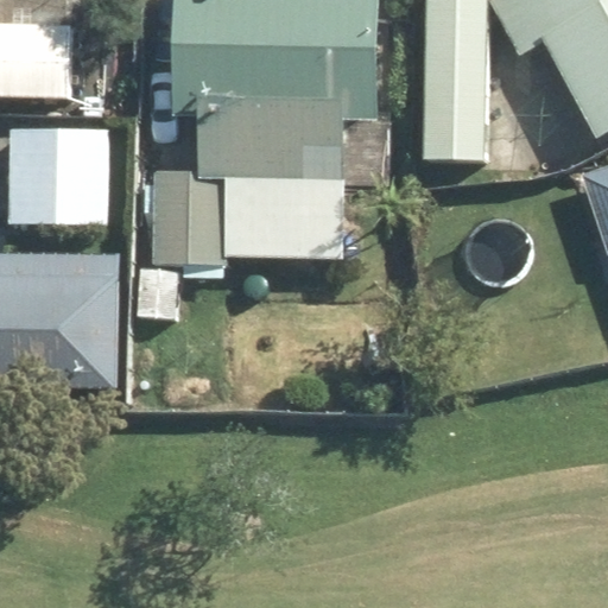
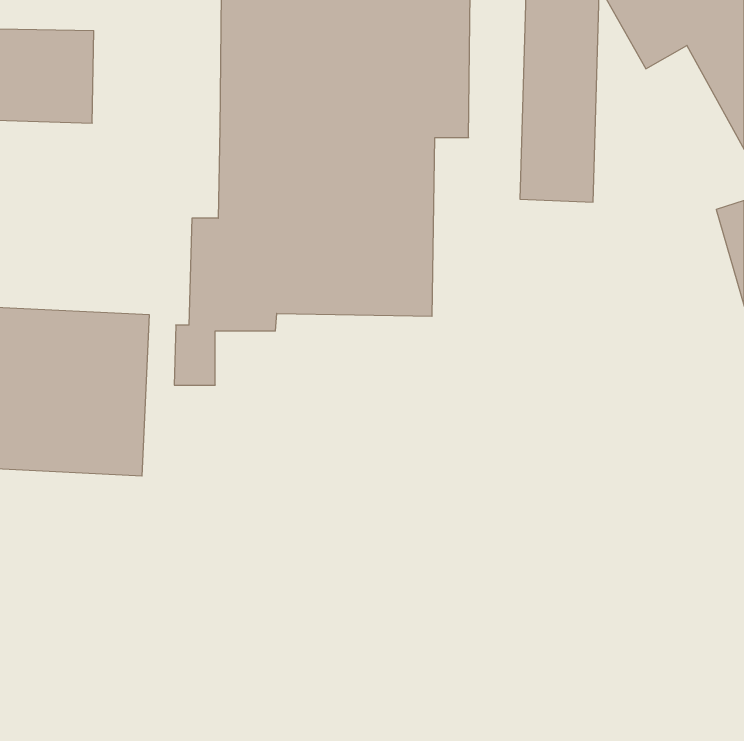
building: [8,128,106,223] -> none

